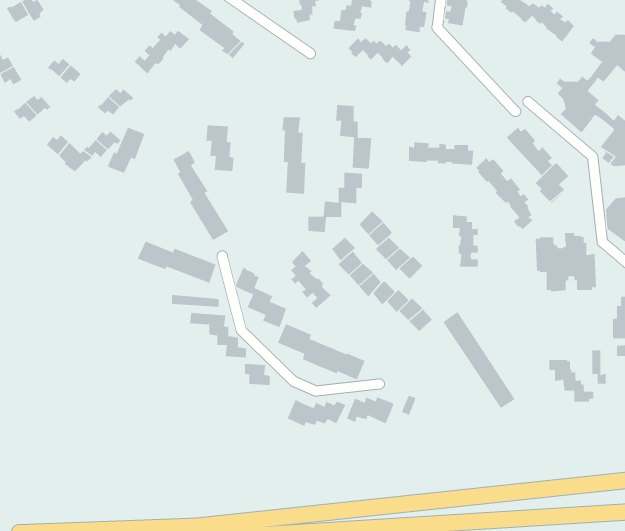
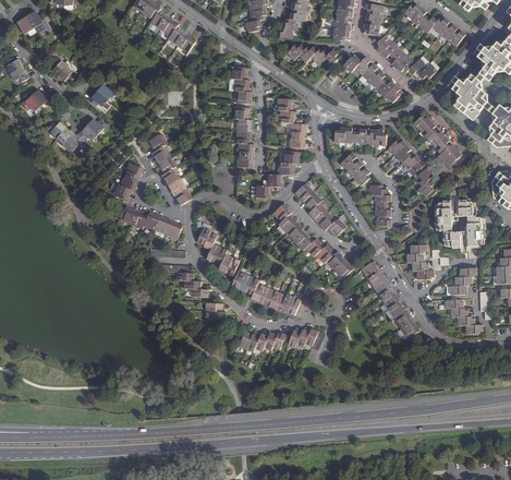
building: none -> [376,34,436,79]
building: [134,30,190,74] -> none
building: none -> [342,56,400,103]
building: [205,125,234,172] -> [229,65,252,103]
building: [107,127,145,174] -> [111,163,142,200]
building: none -> [339,152,369,185]
building: [290,250,332,309] -> none
building: none -> [406,243,433,277]
building: none -> [448,266,475,293]

